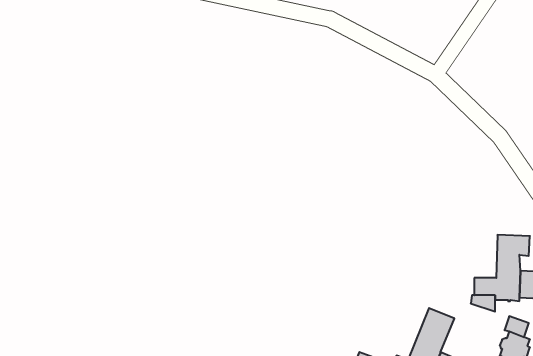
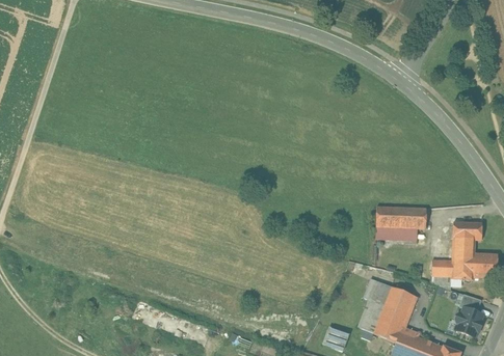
building: none -> [375,207,426,239]

